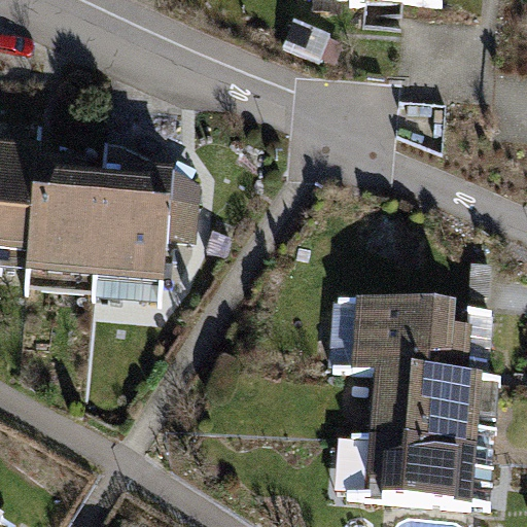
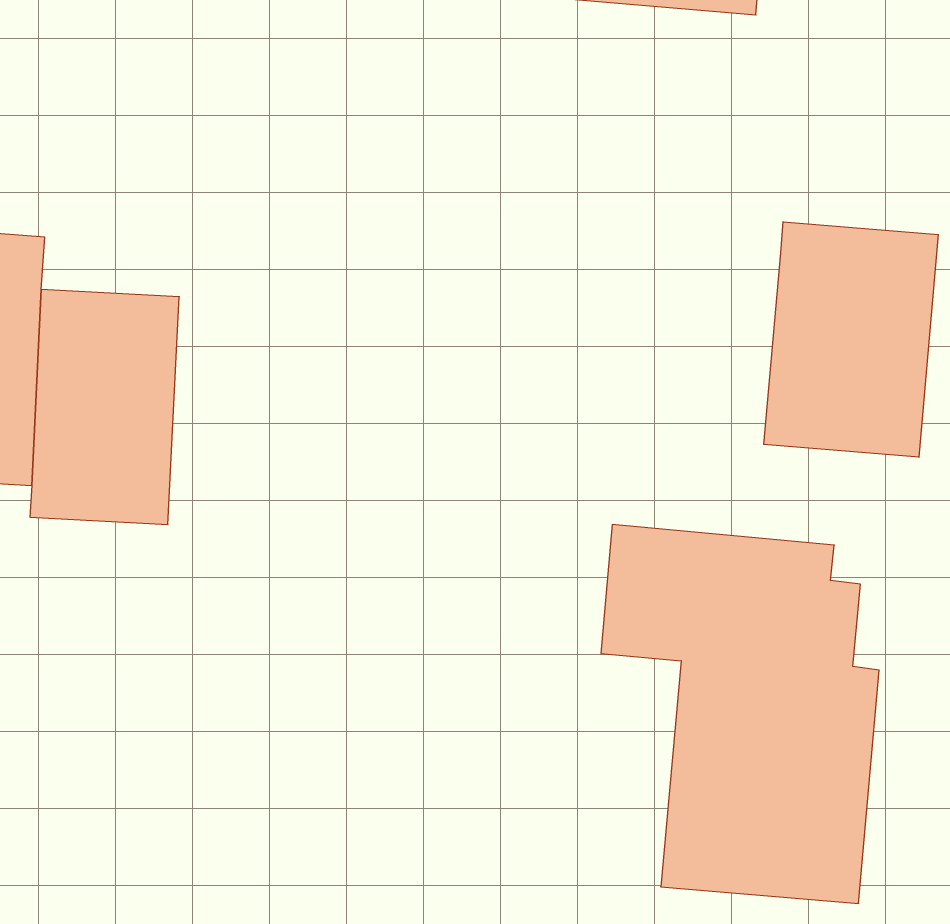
building: none -> [764,222,938,457]
building: [93,164,173,293] -> none

